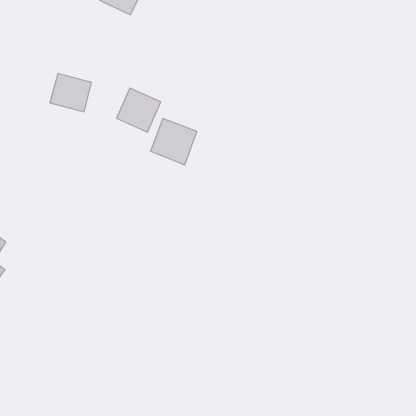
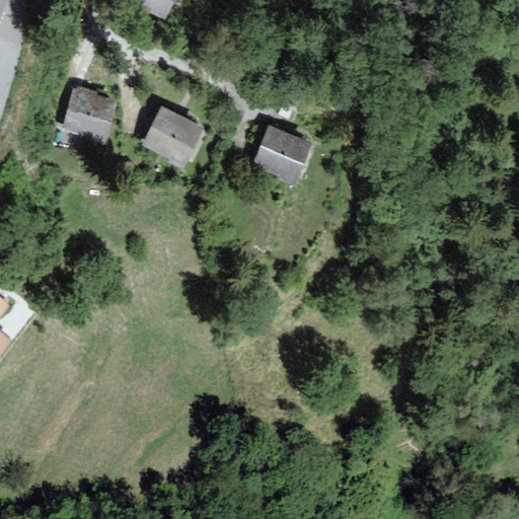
building: [150,118,197,165] -> [253,124,311,181]

